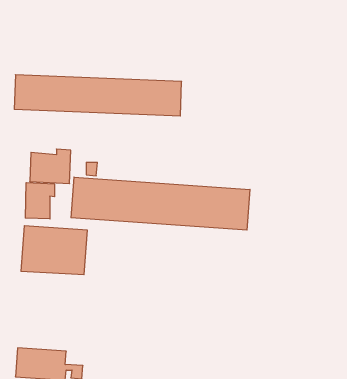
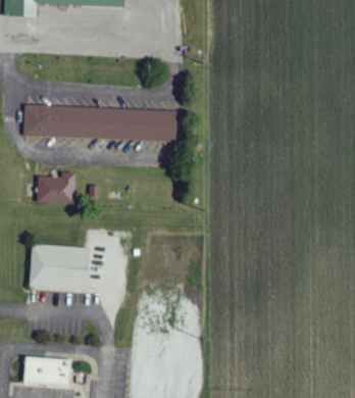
building: [71,177,250,230] -> none
building: [25,183,54,219] -> none

